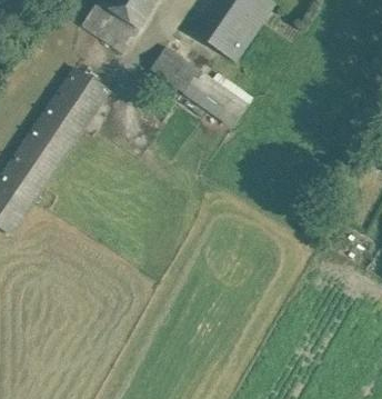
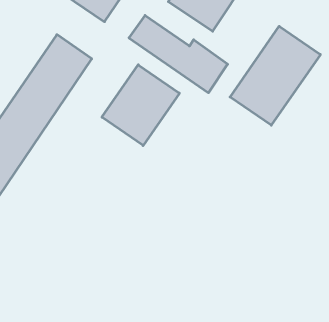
building: none -> [230,26,320,125]
building: none -> [102,65,179,146]

